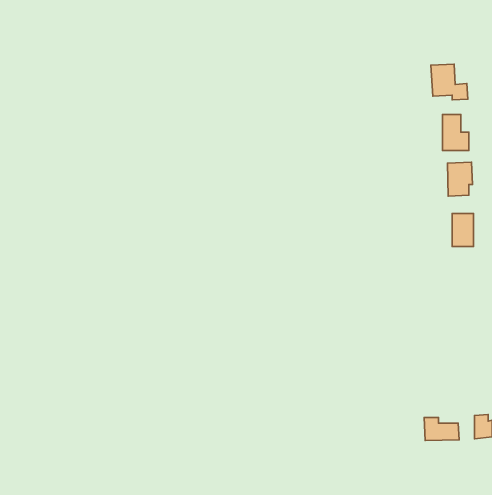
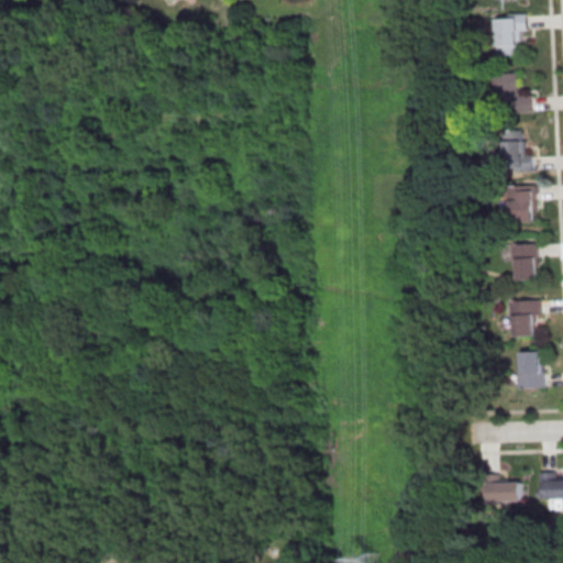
building: none -> [496,15,523,56]
building: none -> [509,300,539,336]
building: none -> [519,352,543,388]

